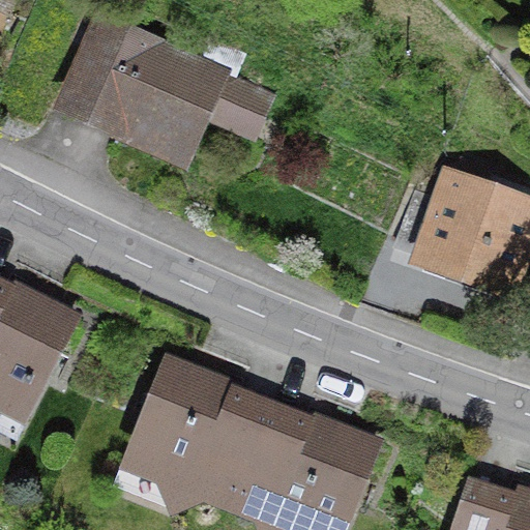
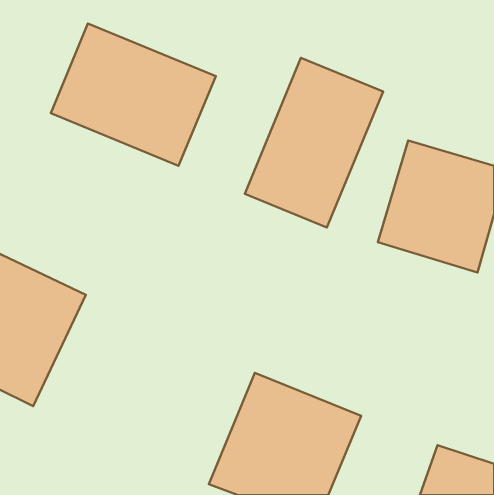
building: none -> [245,58,383,228]
building: [122,355,270,513] -> none

